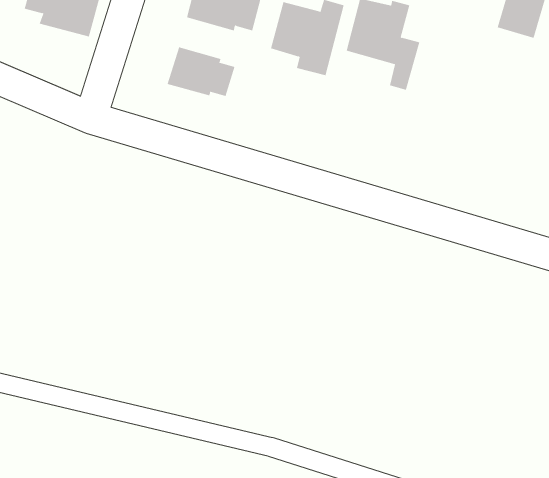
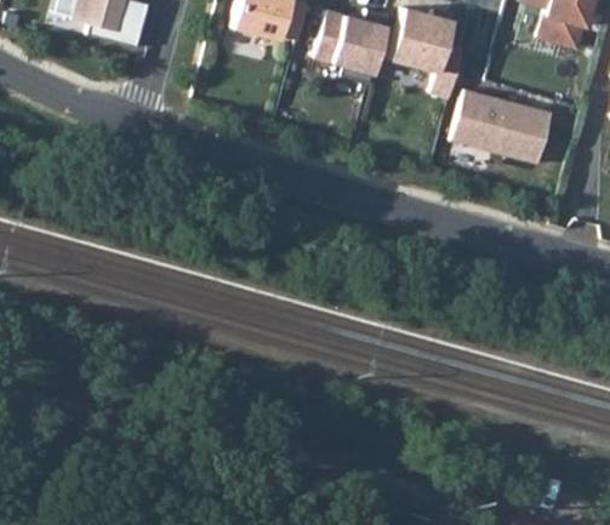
building: [167,46,235,97] -> none
building: none -> [451,92,549,167]

